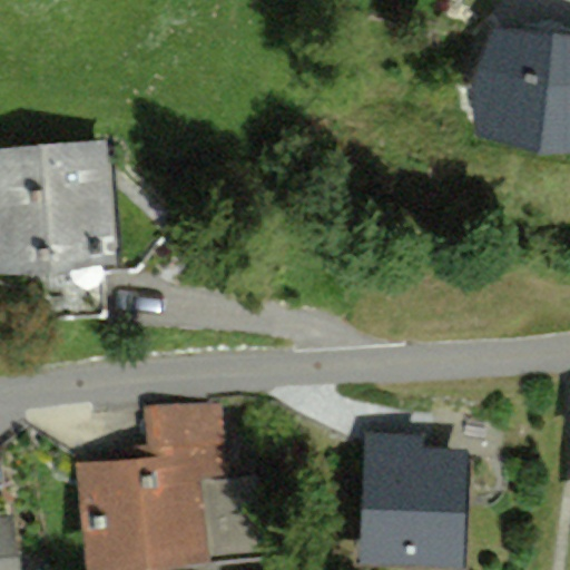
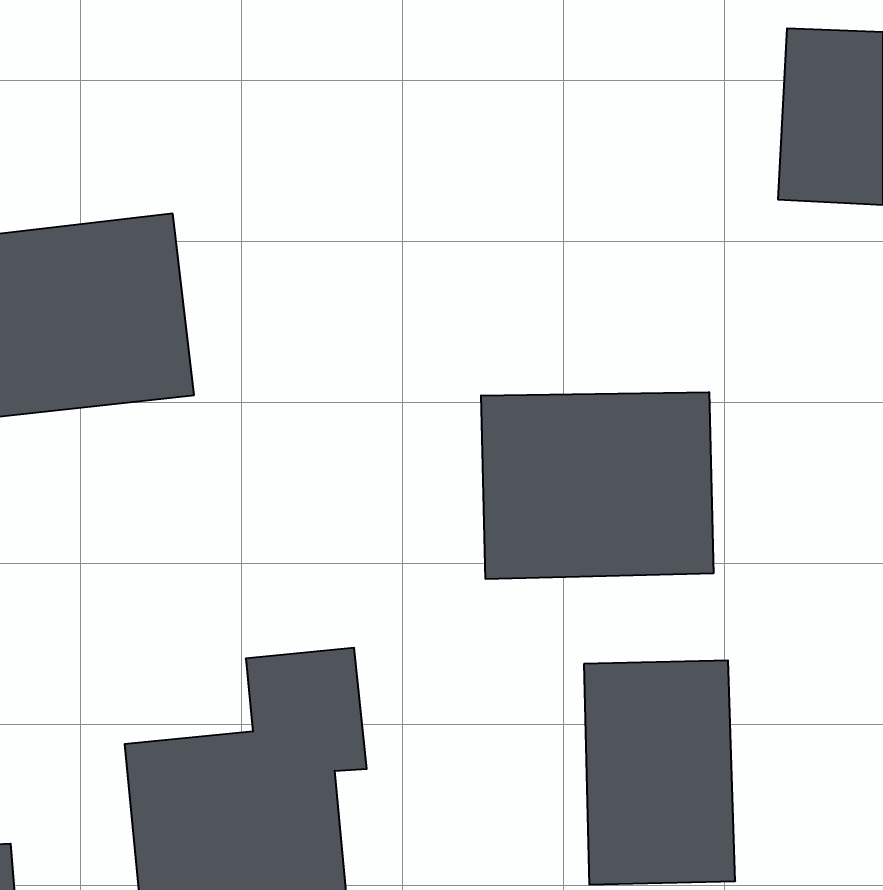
building: none -> [481,392,713,579]

